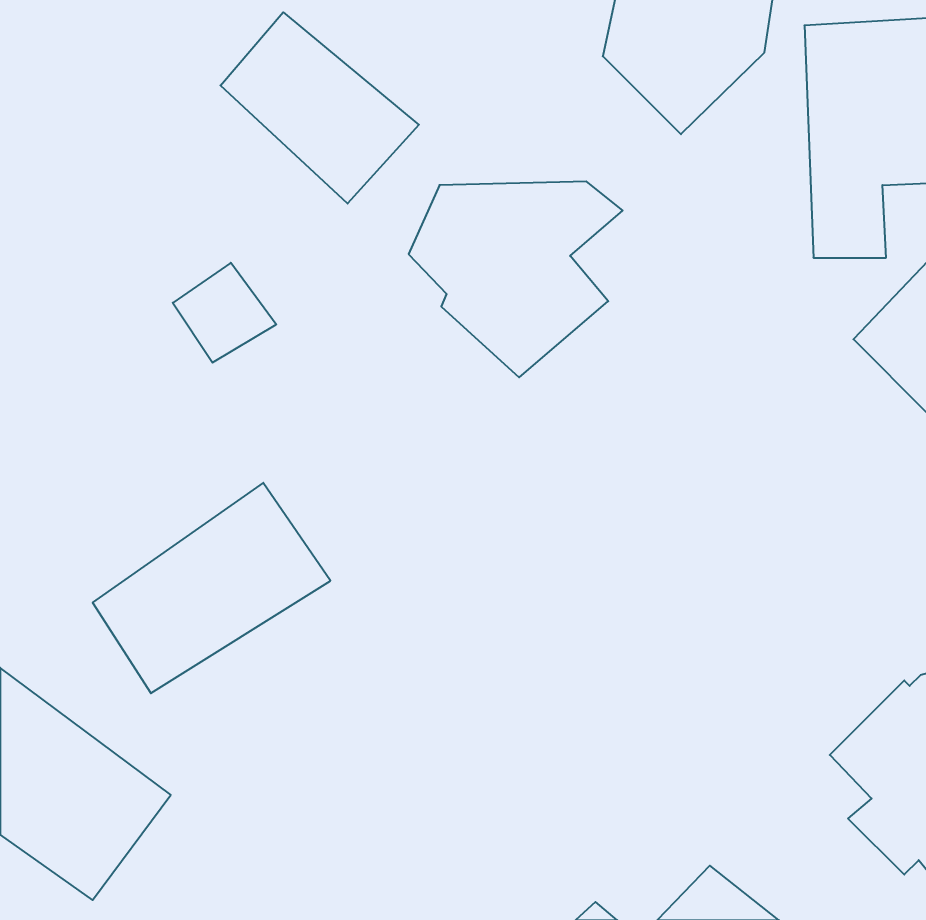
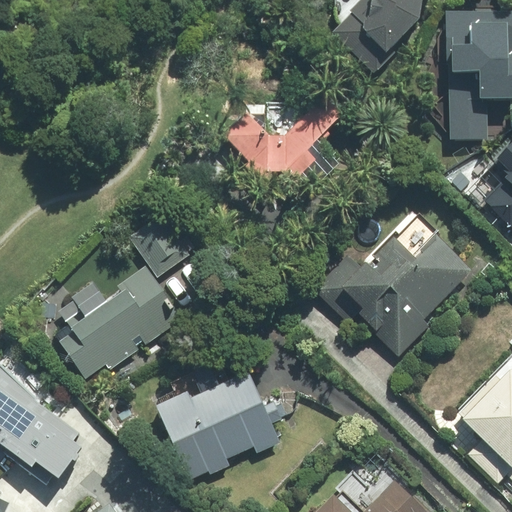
building: [220,12,419,204] -> none
building: [173,263,276,363] -> [134,219,191,274]
building: none -> [312,236,480,355]
building: none -> [154,362,277,478]

